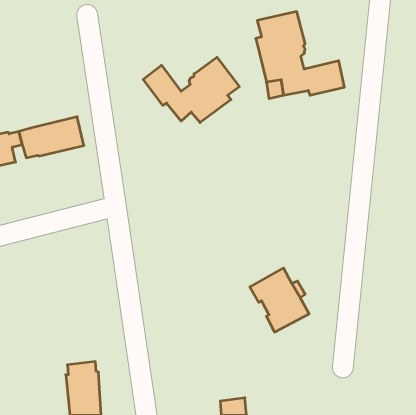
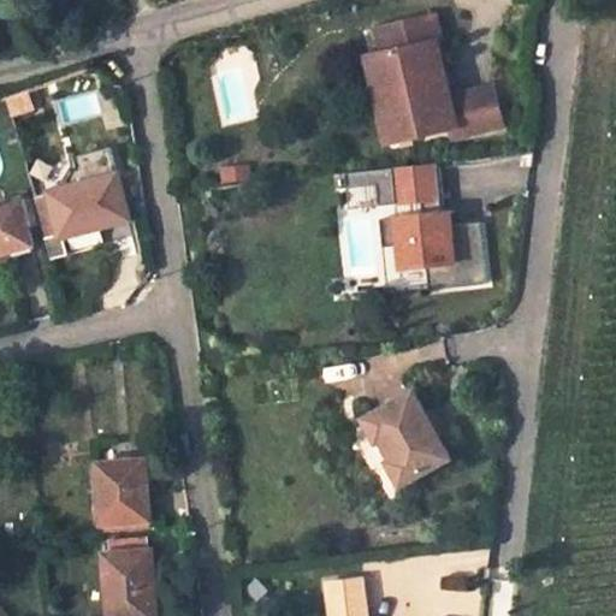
building: [143,57,239,123] -> none
building: none -> [346,167,490,294]
building: none -> [90,456,140,527]

